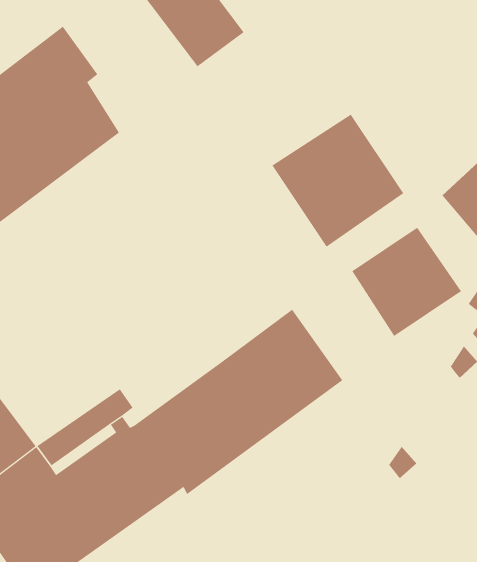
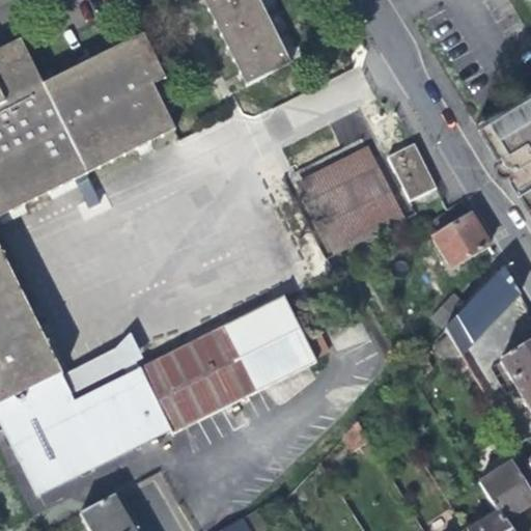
building: none -> [387,144,434,200]
building: [351,227,462,337] -> none

